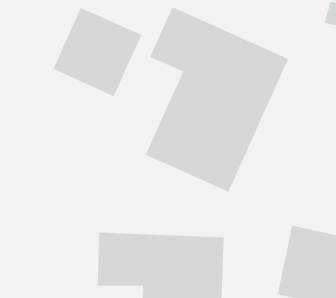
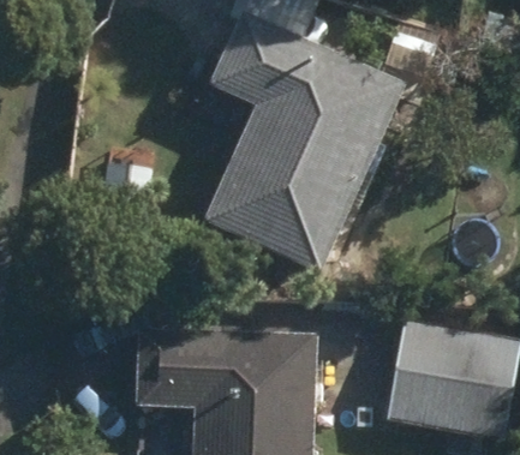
building: [53,7,142,97] -> none

